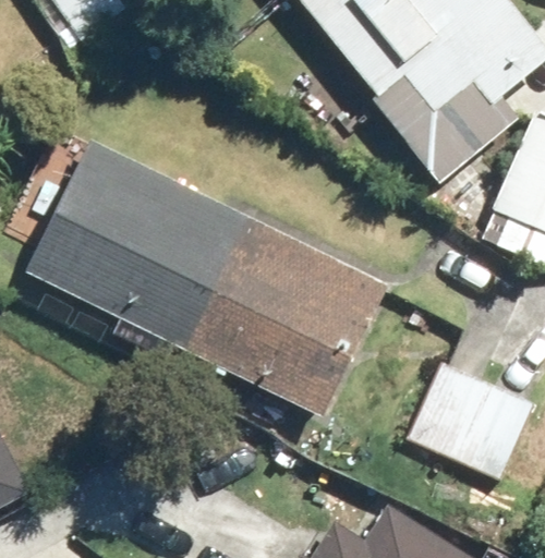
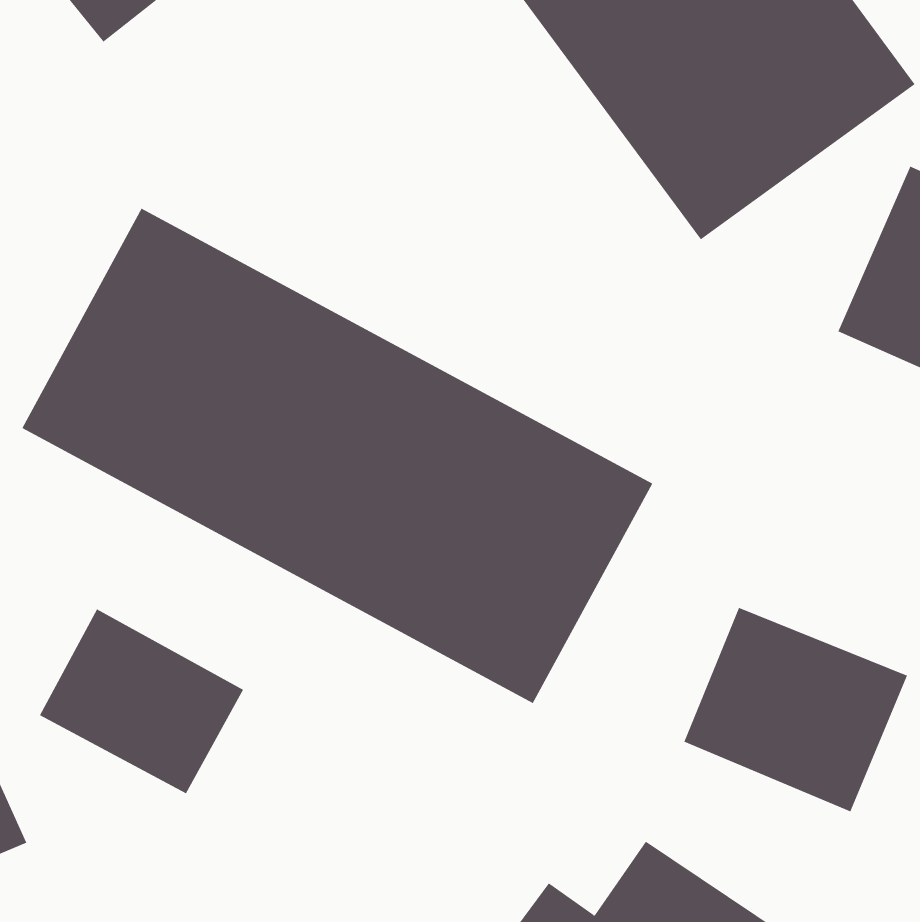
building: none -> [39,609,244,794]

